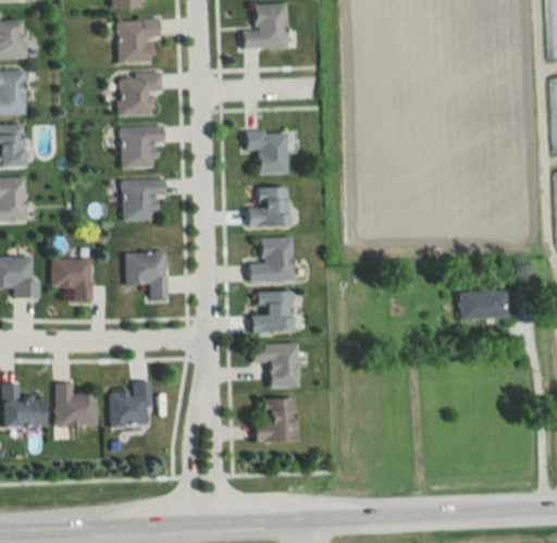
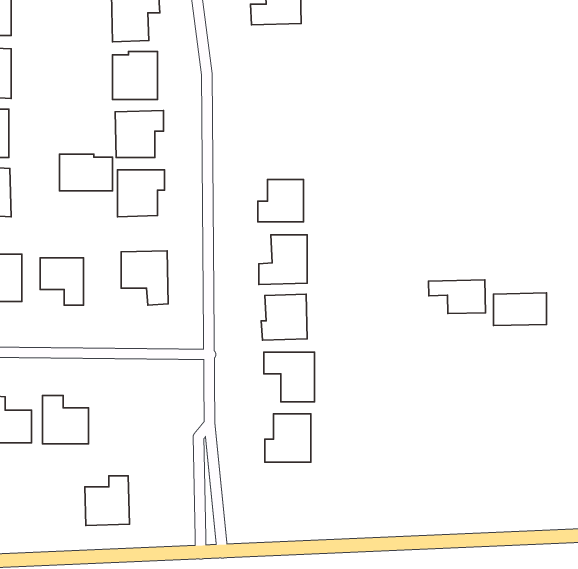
building: [245,132,287,173] -> none
building: none -> [60,154,113,191]
building: none -> [428,280,486,314]
building: [110,382,150,427] -> [85,476,129,526]

